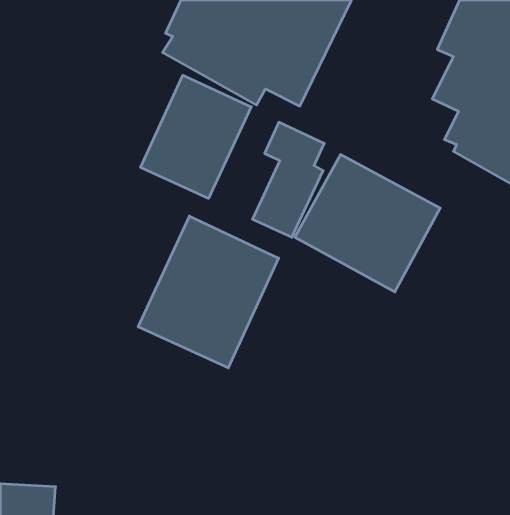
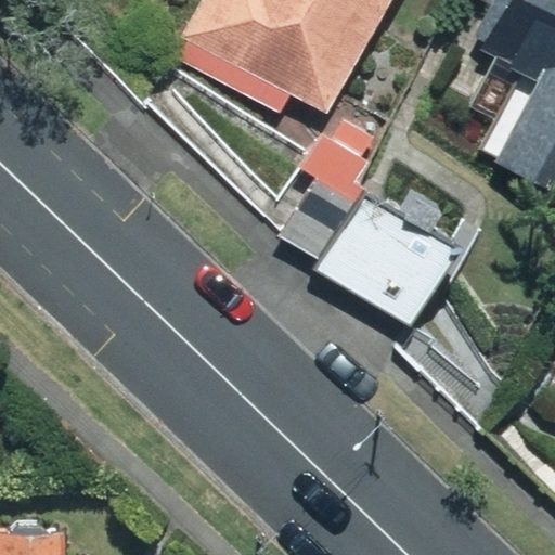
building: [141,75,251,198] -> none
building: [138,216,279,368] -> none

